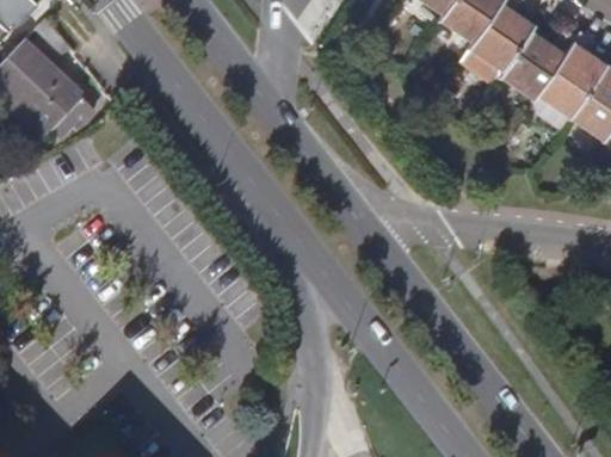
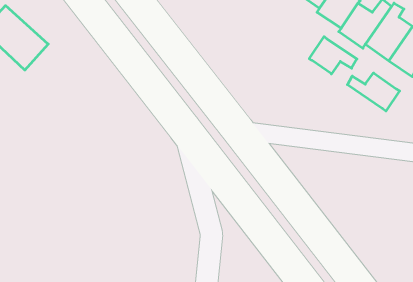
building: none -> [309,37,357,74]
building: none -> [347,73,400,111]

